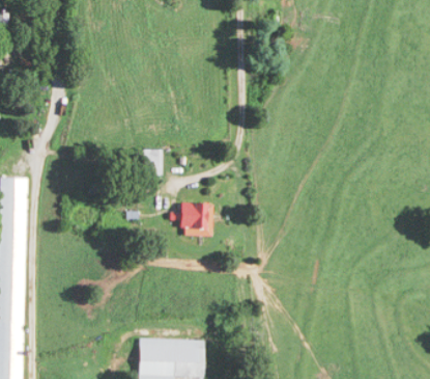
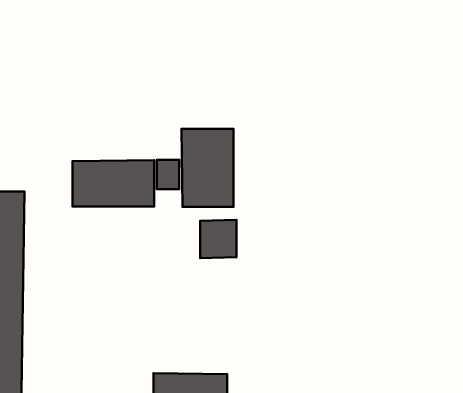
building: none -> [181,129,234,207]
building: none -> [72,160,154,206]

